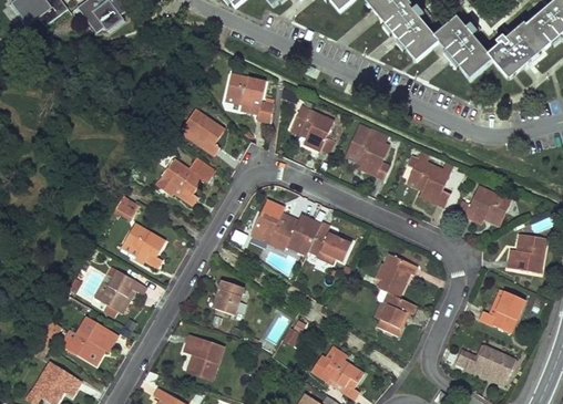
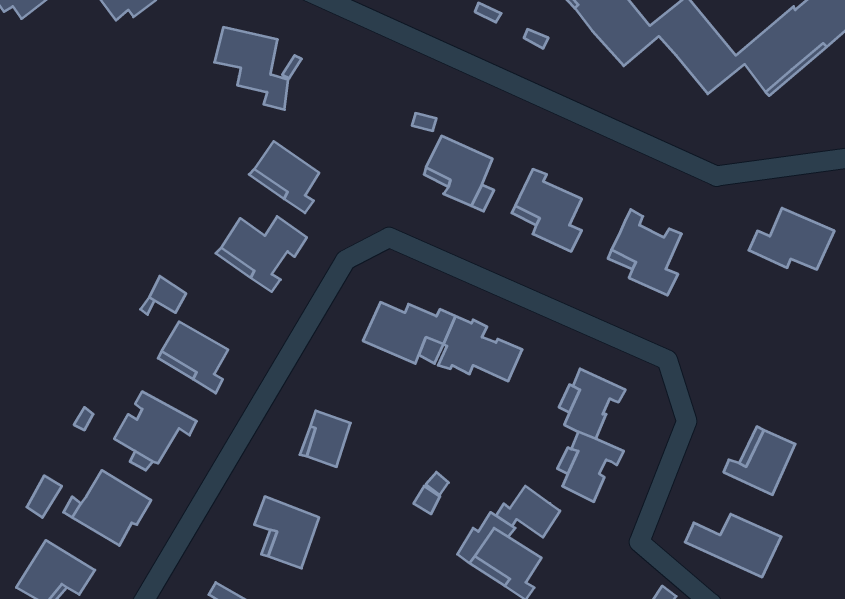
building: [225,73,272,125] -> [214,27,288,110]
building: [457,186,511,225] -> [749,208,834,269]
building: [508,234,545,272] -> none
building: none -> [496,486,560,537]

